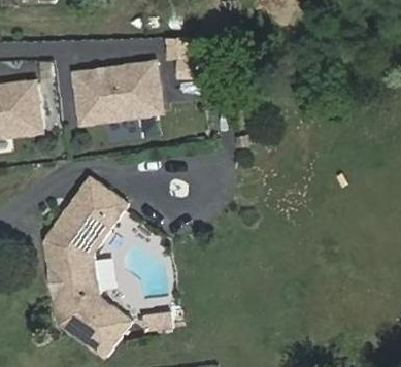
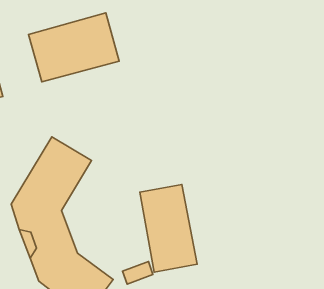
building: none -> [140,184,197,272]

